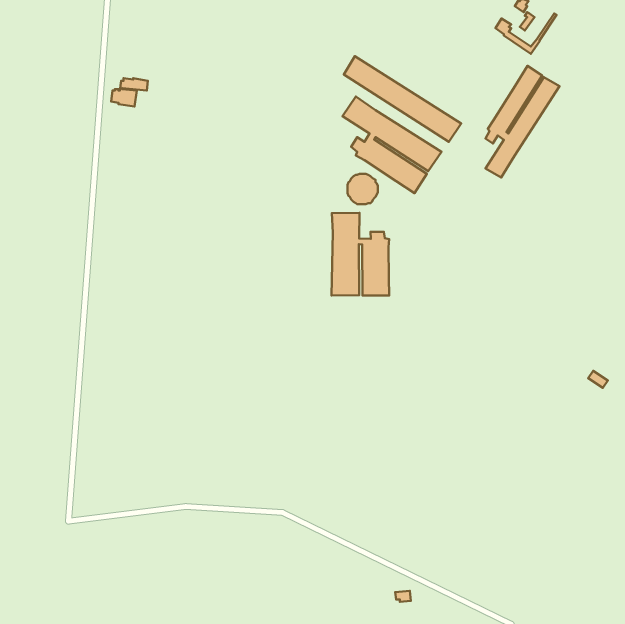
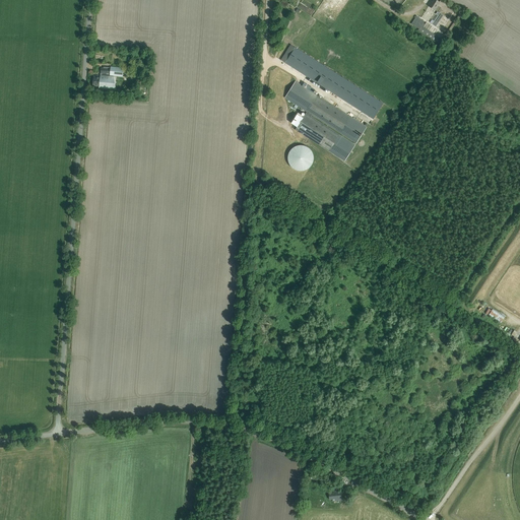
building: [486,66,559,178] -> none
building: [332,213,389,296] -> none

